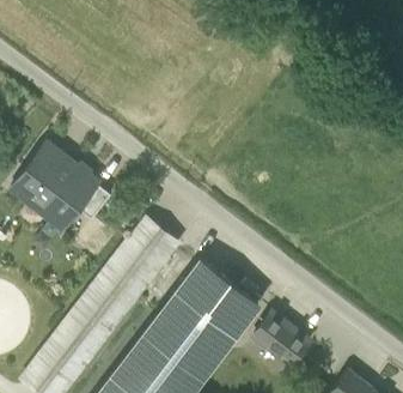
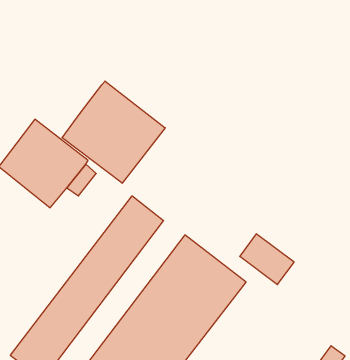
building: none -> [62,81,165,183]
building: [255,309,310,361] -> [240,234,294,285]

